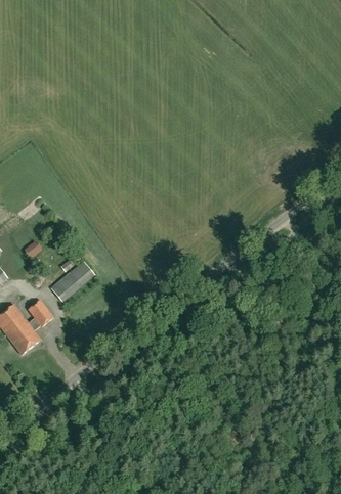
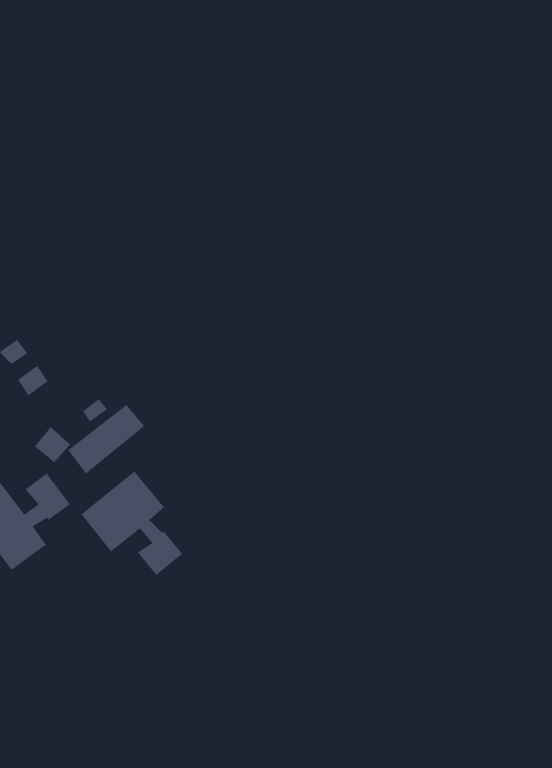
building: none -> [81,470,183,576]

